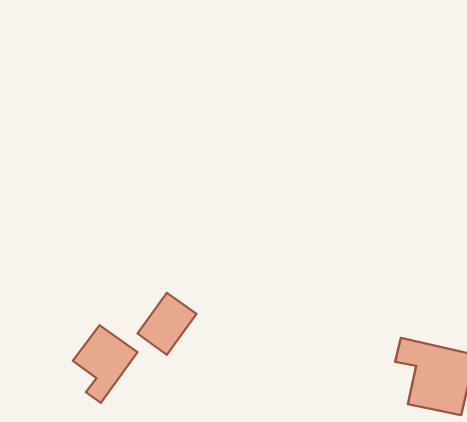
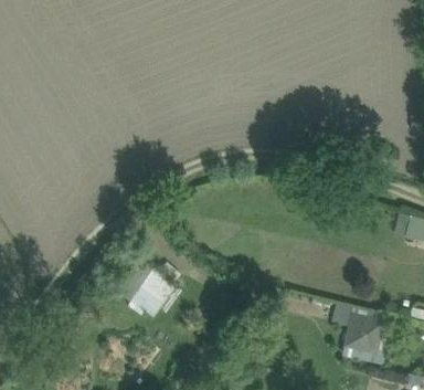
building: [73,325,137,403] -> none

